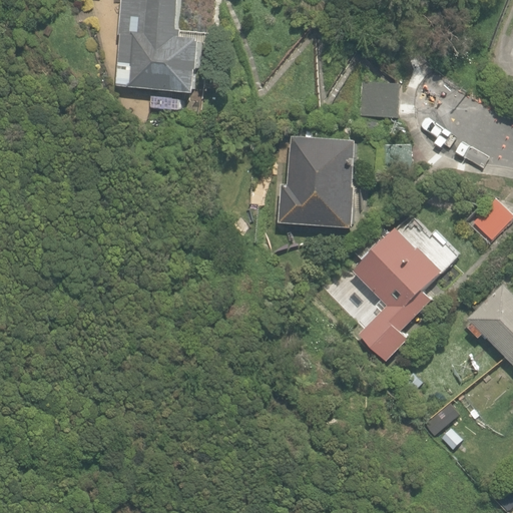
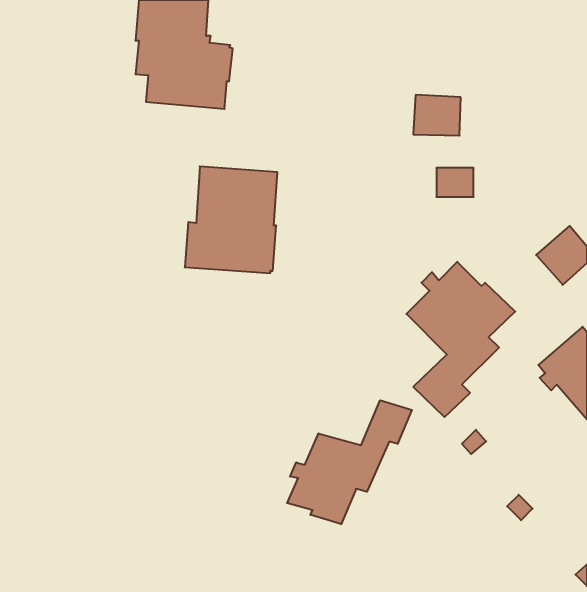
building: [278,135,358,227] -> [185,166,277,273]
building: none -> [287,400,412,524]

